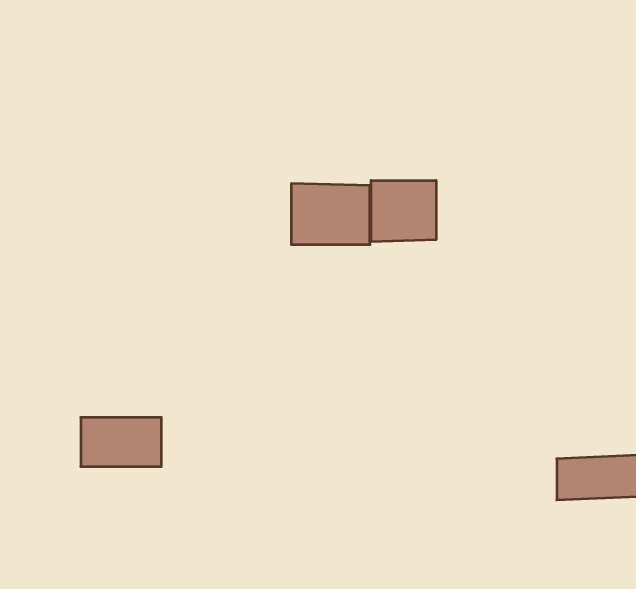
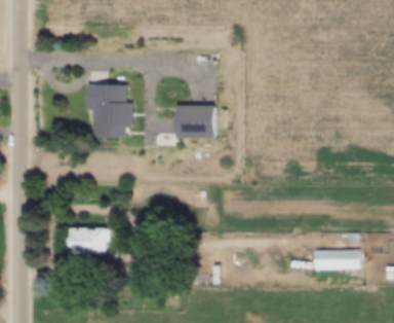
building: none -> [87,85,132,137]
building: [371,180,436,242] -> none

